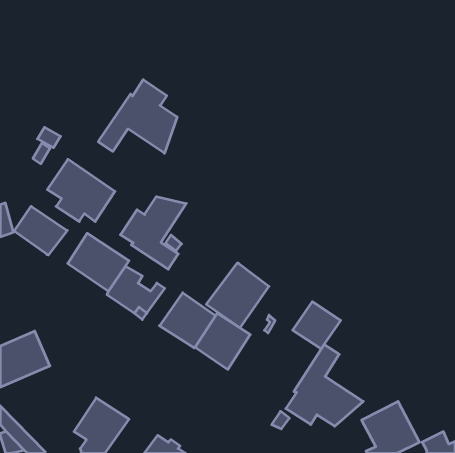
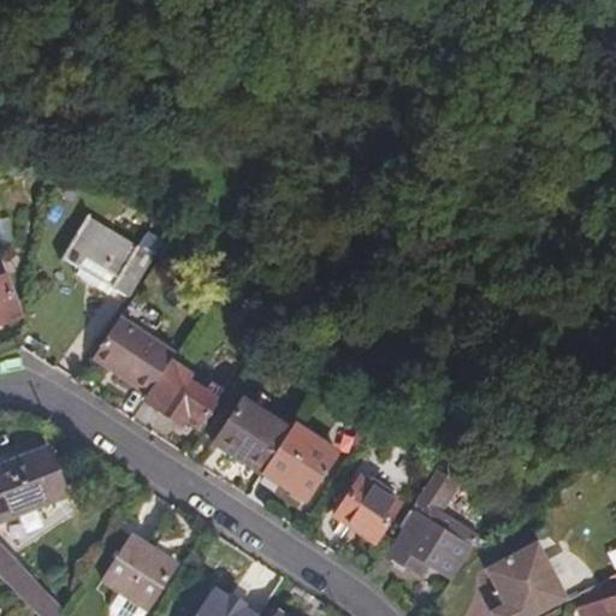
building: [98,80,177,153] -> none
building: [120,197,186,269] -> none
building: [14,206,67,255] -> none
building: [206,263,269,328] -> none
building: [293,302,341,349] -> [334,476,399,540]

